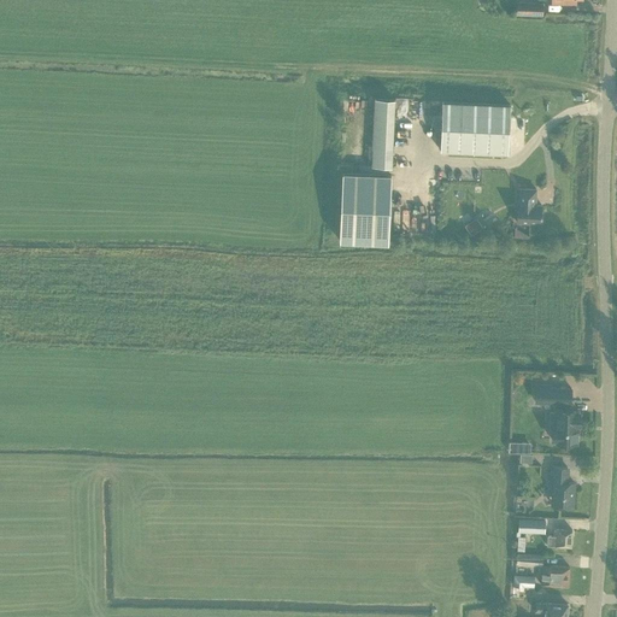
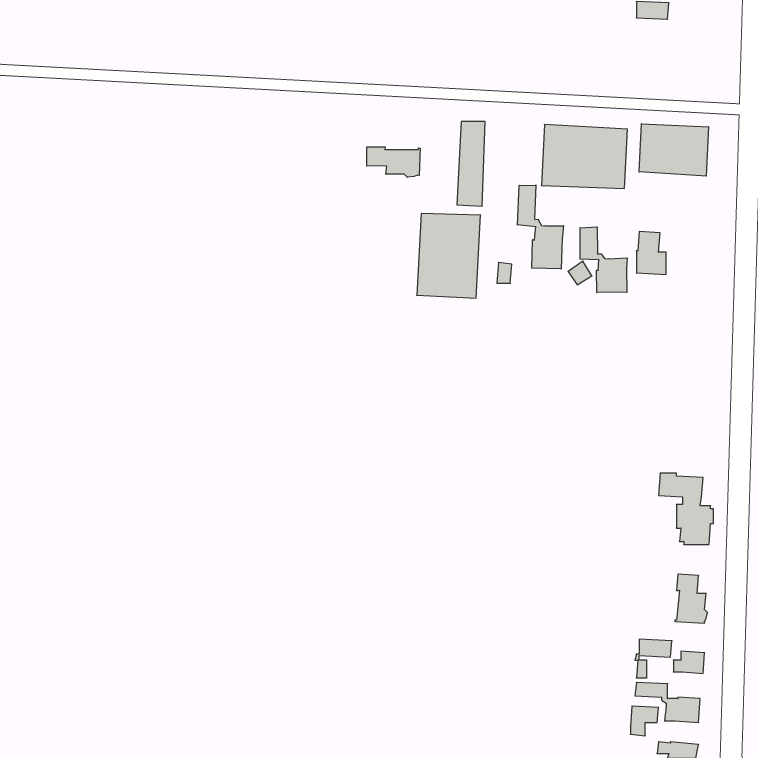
building: none -> [639,124,709,176]
building: none -> [367,147,420,177]
building: none -> [517,185,564,269]
building: none -> [580,227,627,293]

